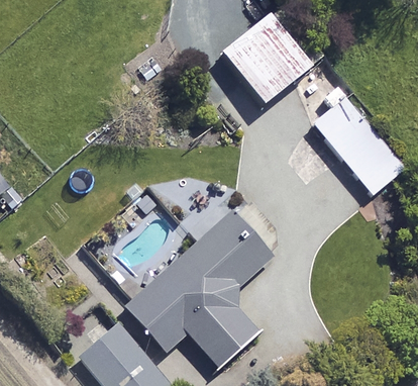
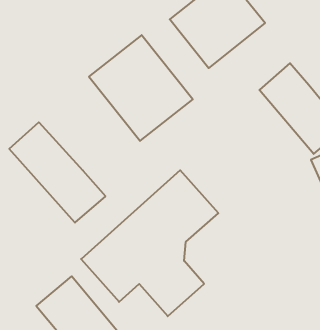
building: none -> [89,35,193,141]
building: none -> [9,122,105,223]

